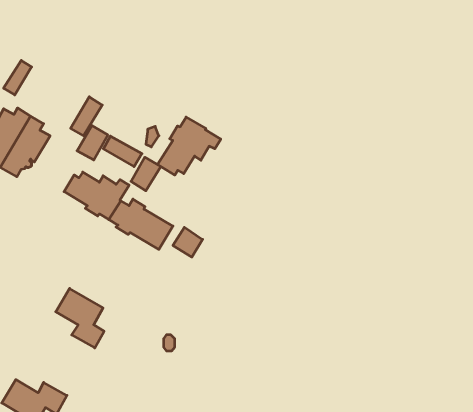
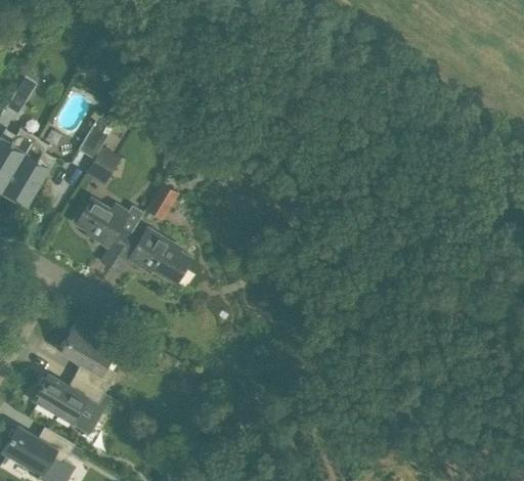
building: [158,117,221,175] -> none
building: [103,136,142,167] -> none
building: [173,227,203,257] -> none
building: none -> [33,376,104,434]

